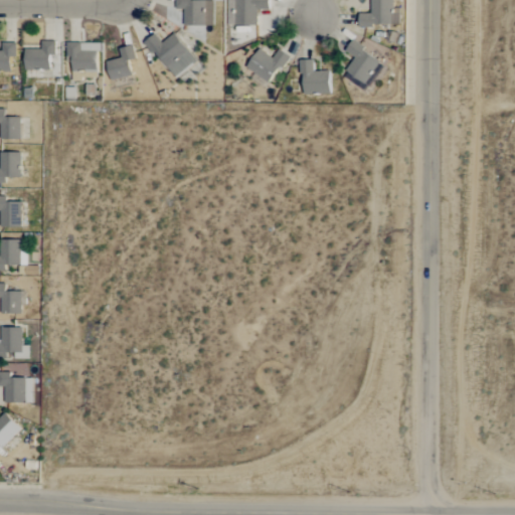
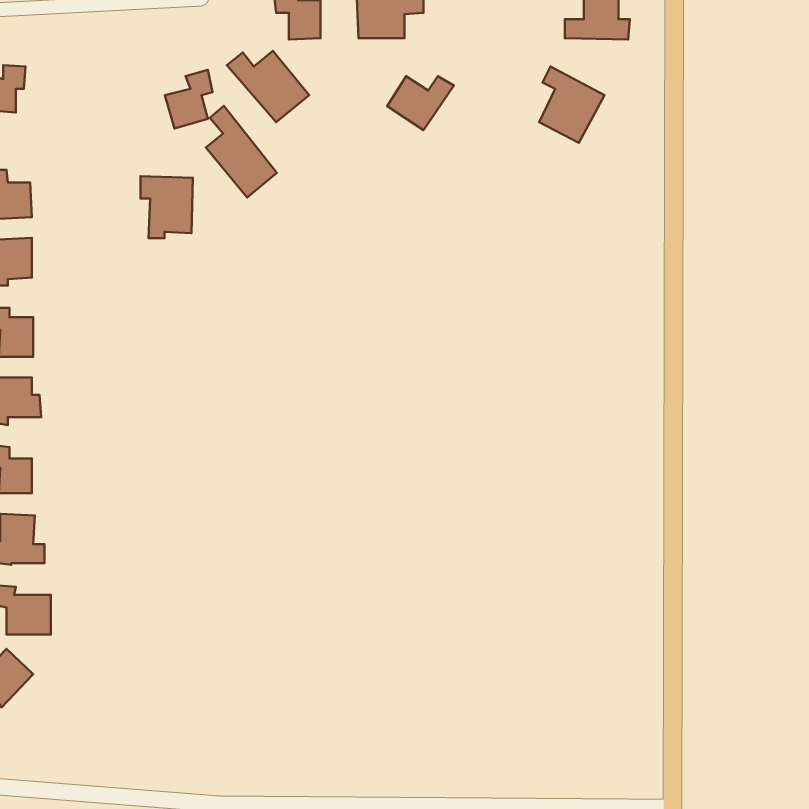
building: [24,40,55,69] -> none
building: [65,41,99,80] -> [141,176,193,238]
building: [301,59,329,94] -> none
building: none -> [206,106,277,198]

